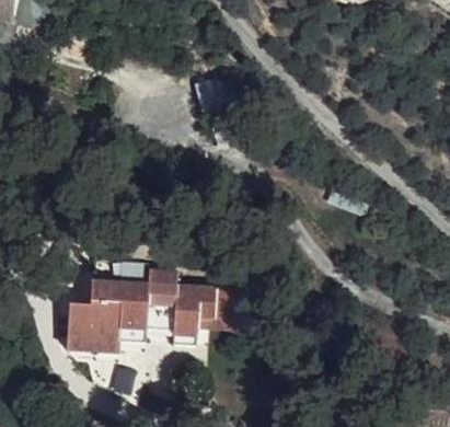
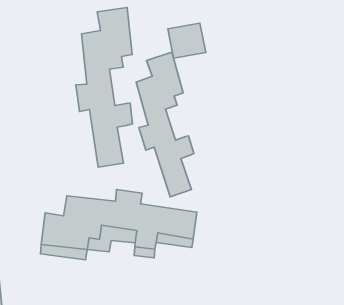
building: none -> [76,7,133,167]
building: none -> [136,52,194,197]

